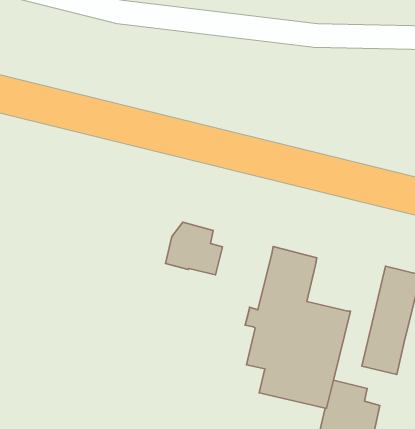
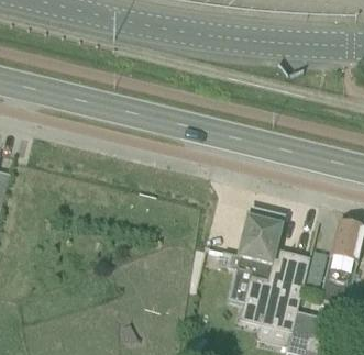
building: [166,222,222,275] -> none

